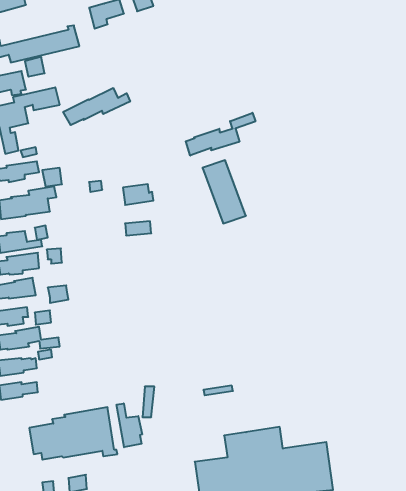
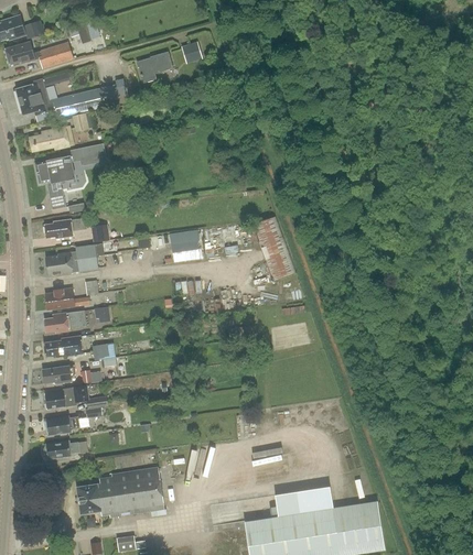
building: [63,88,130,125] -> none
building: [186,113,255,156] -> none
building: [117,403,142,447] -> none

